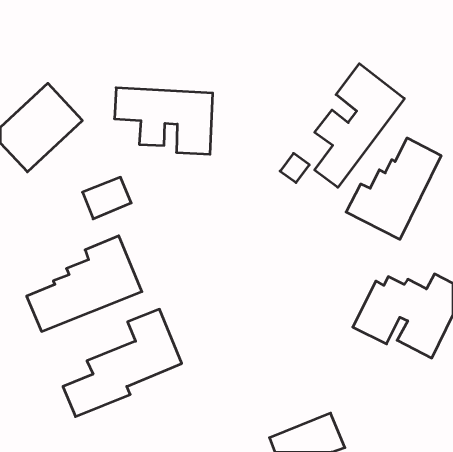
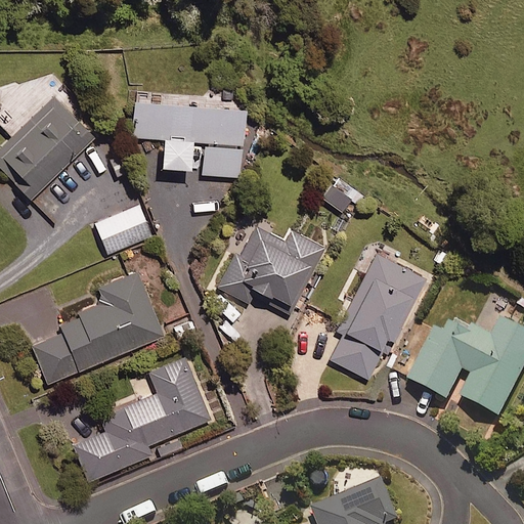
building: [315,64,404,187] -> none
building: [346,138,441,239] -> none
building: none -> [218,221,325,314]
building: none -> [331,252,428,377]

